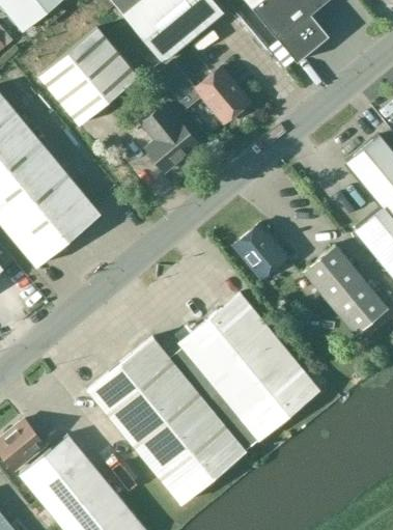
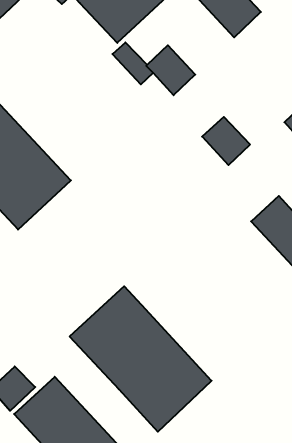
building: [39,28,138,125] -> none
building: [143,106,199,172] -> none
building: [232,225,286,280] -> [202,117,250,165]
building: [172,296,318,450] -> none

